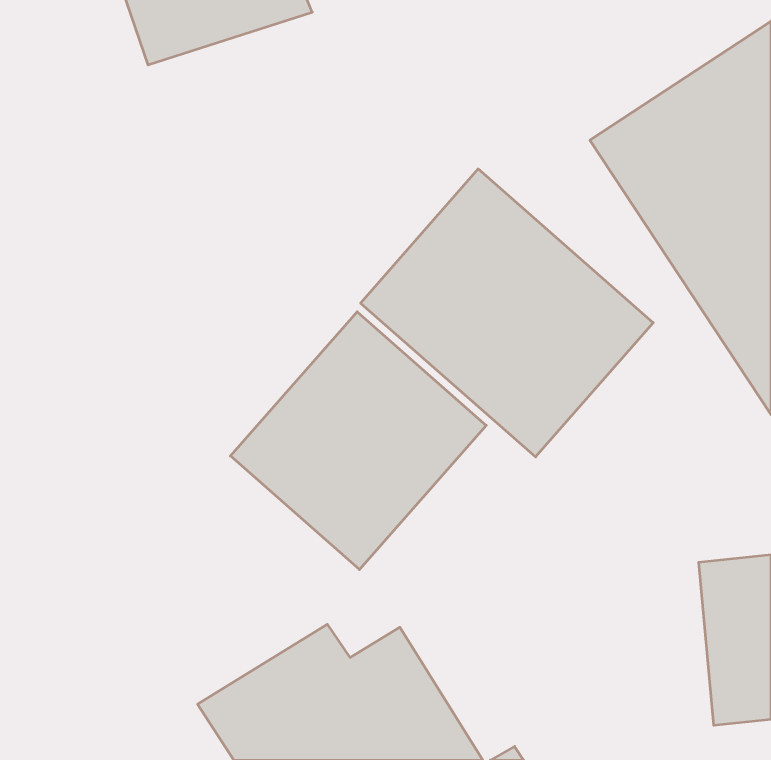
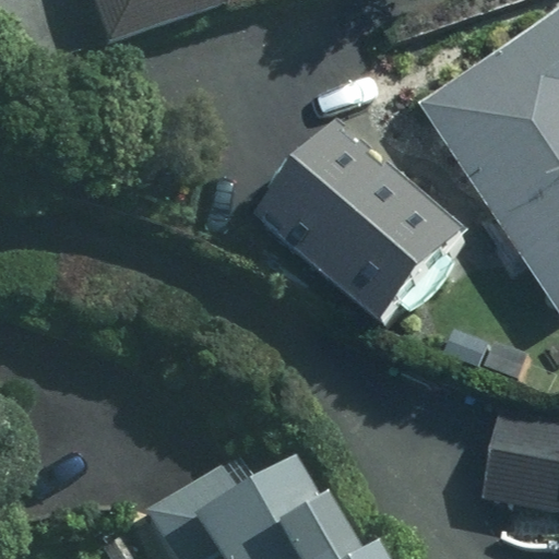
building: [230,312,486,570] -> none

